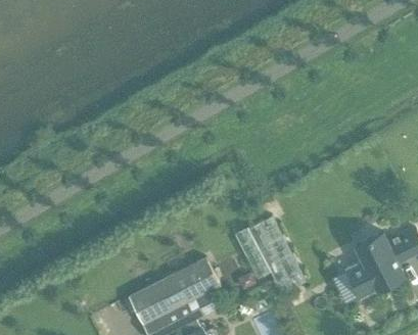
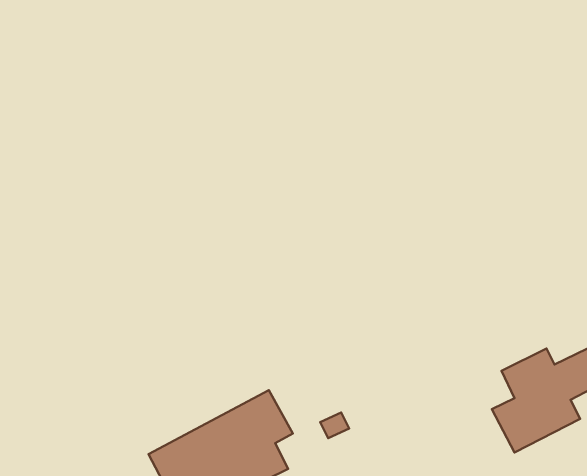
building: [235,216,305,293] -> none

